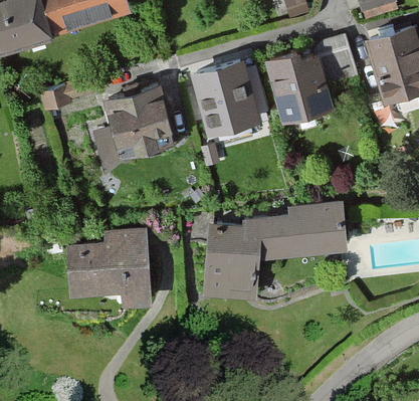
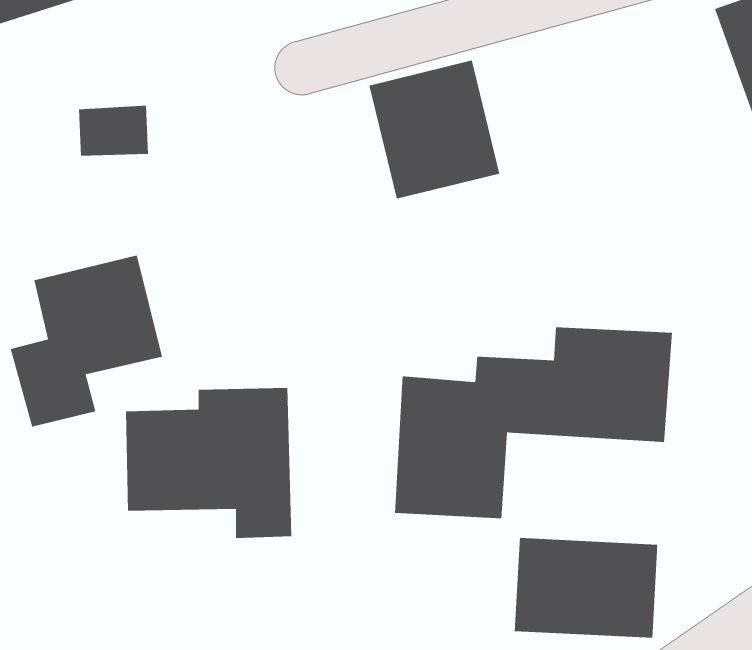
building: [266,37,356,121] -> none
building: [94,86,173,175] -> [10,255,163,427]
building: none -> [514,537,658,639]

